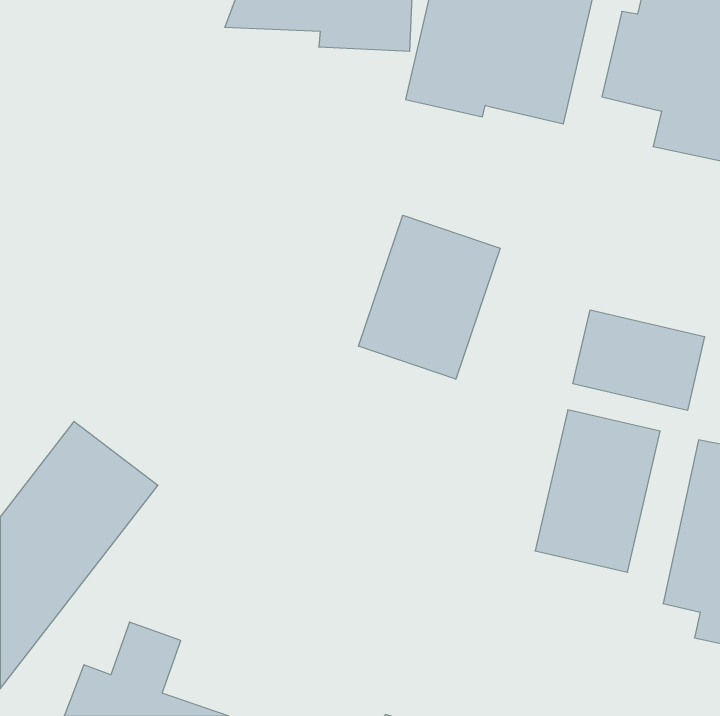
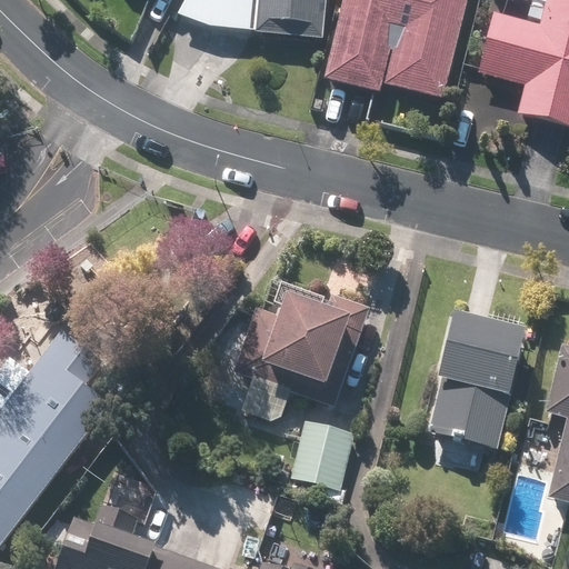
building: [359,215,500,379] -> none
building: [573,310,705,410] -> none
building: none -> [231,274,371,489]

